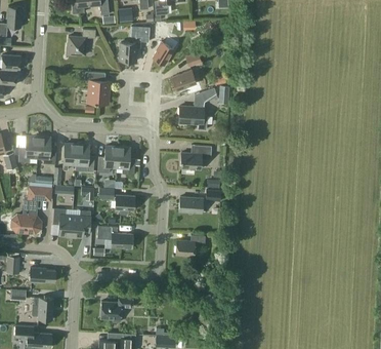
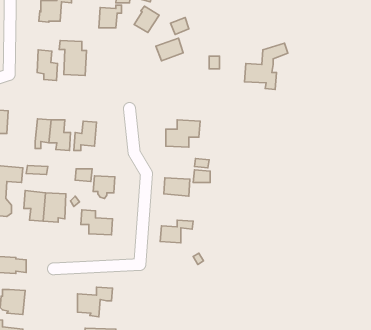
building: [178,87,217,129] -> [245,43,288,90]
building: [37,135,55,163] -> [37,50,58,81]
building: [116,146,140,173] -> none

